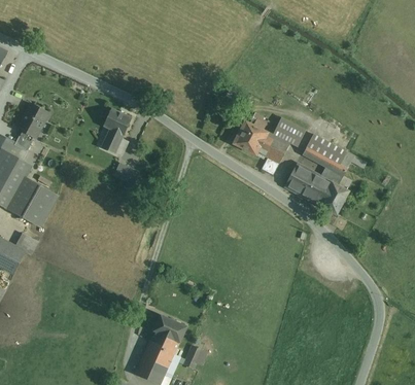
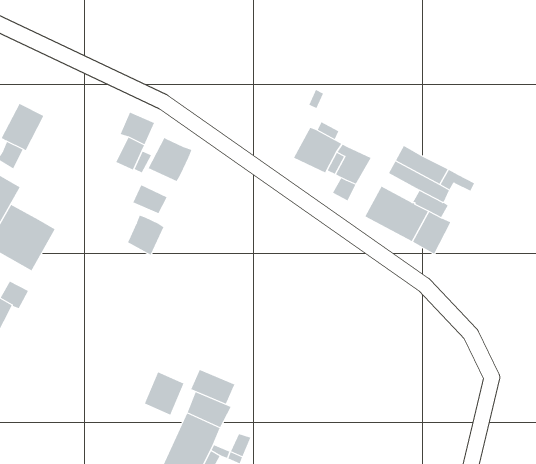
building: [272,117,305,147] -> none
building: none -> [148,137,192,182]
building: none -> [127,215,164,255]
building: none -> [191,369,235,404]
building: none -> [144,372,184,415]

